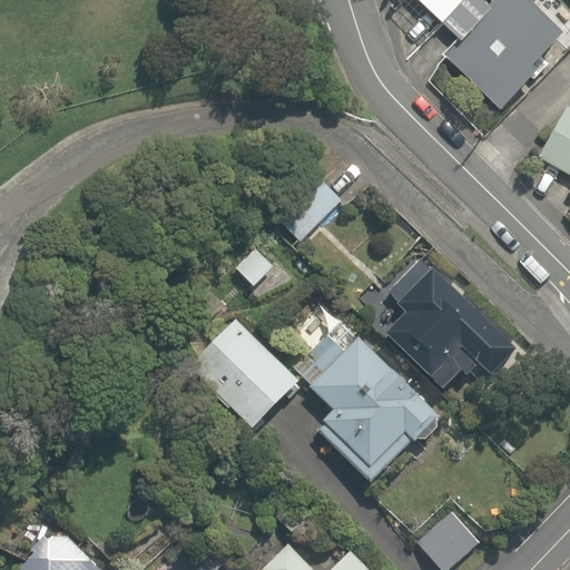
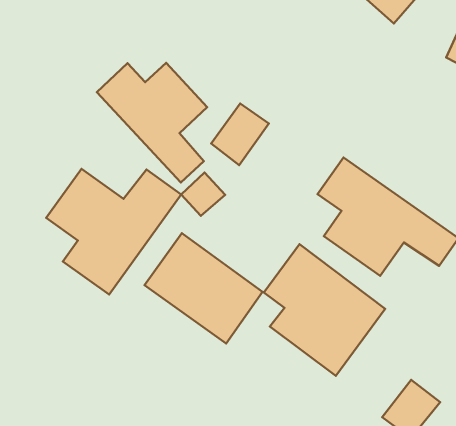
building: none -> [97,63,207,183]
building: none -> [46,169,181,295]

